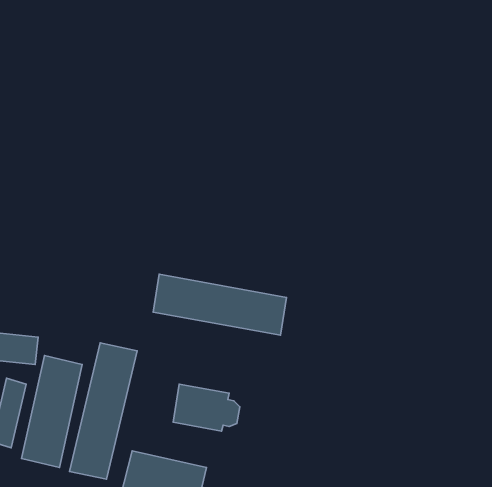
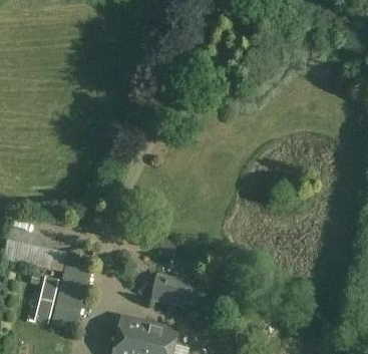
building: [153,274,287,335] -> none
building: [70,343,137,479] -> none

